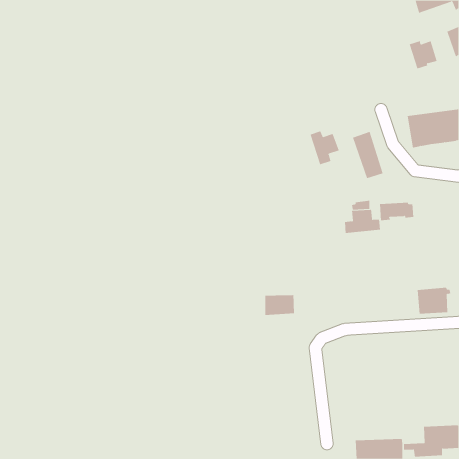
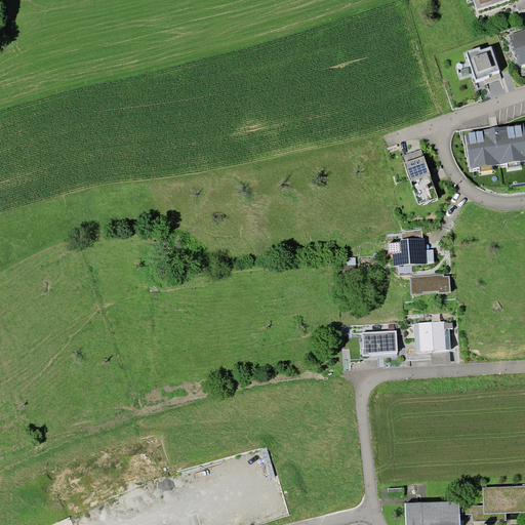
building: [310,130,340,165] -> none
building: [379,202,414,221] -> [410,274,450,295]
building: [417,287,451,314] -> [414,321,453,352]
building: [264,294,295,315] -> [363,330,398,355]

